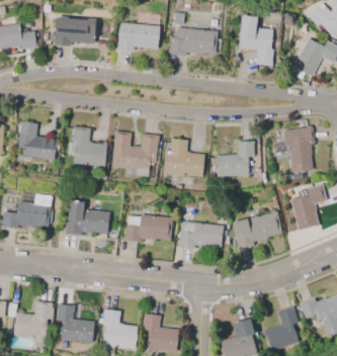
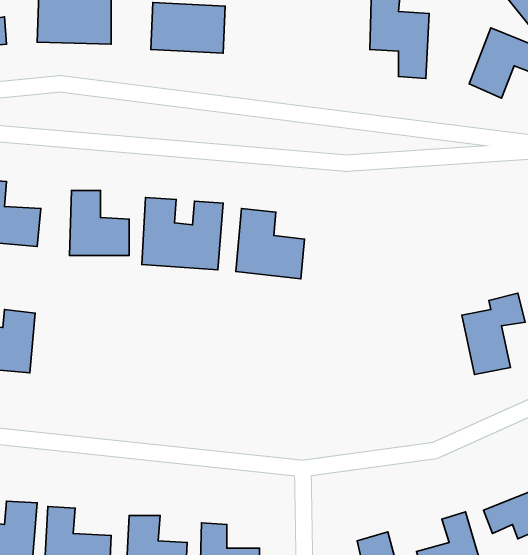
building: [171,28,215,55] -> none
building: [285,127,314,172] -> none
building: [216,141,254,176] -> none
building: [66,200,109,235] -> none
building: [232,212,282,246] -> none
building: [124,213,171,244] -> none
building: [178,221,223,250] -> none

